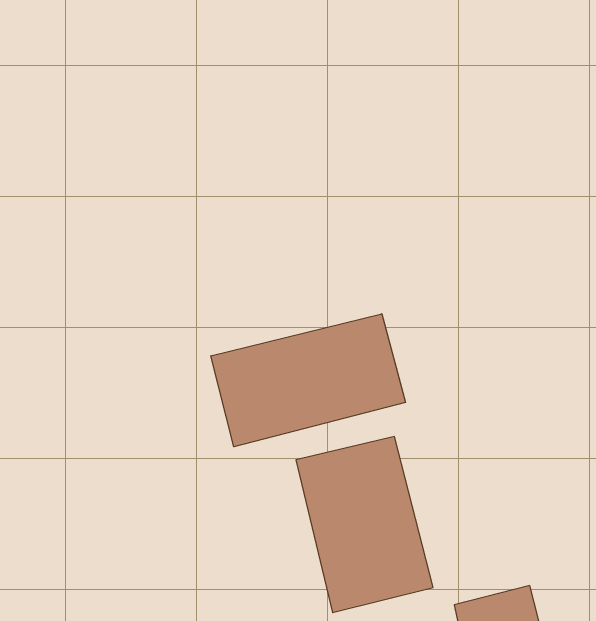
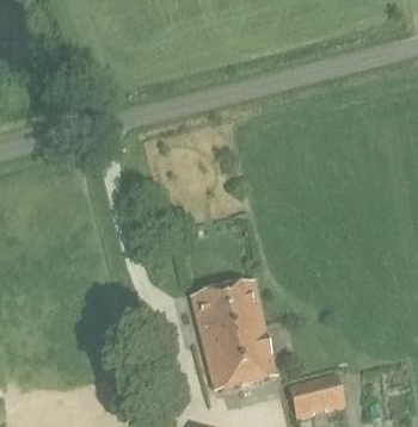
building: [211,314,406,447] -> none

